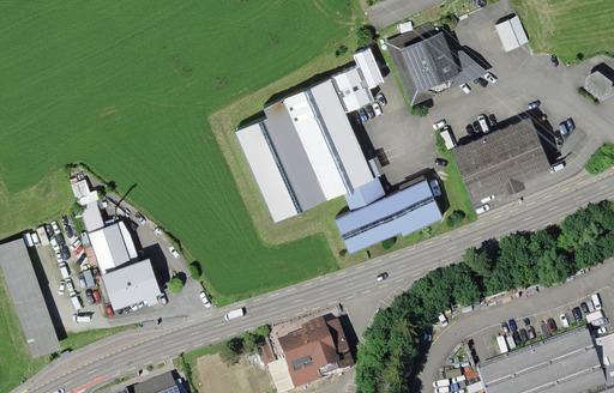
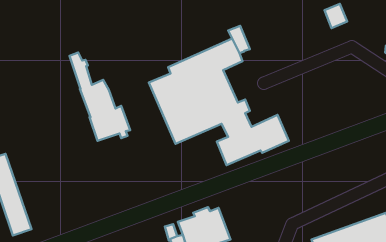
building: [384,23,488,105] -> none
building: [451,119,552,204] -> none
building: [71,180,161,310] -> [69,52,130,141]

